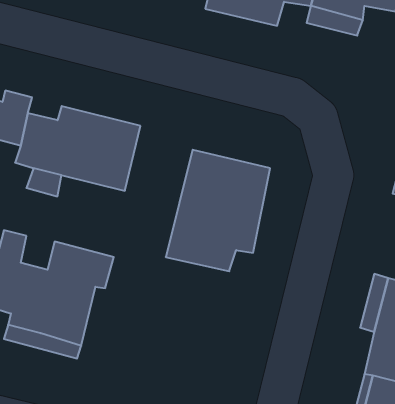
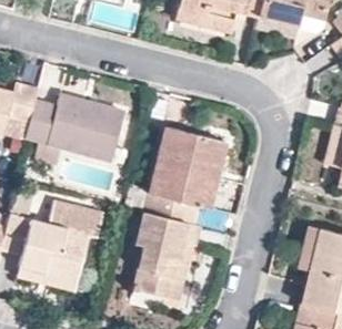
building: none -> [133,213,201,299]

